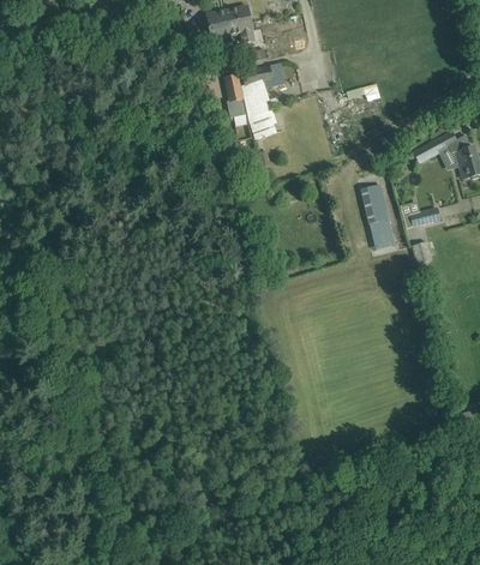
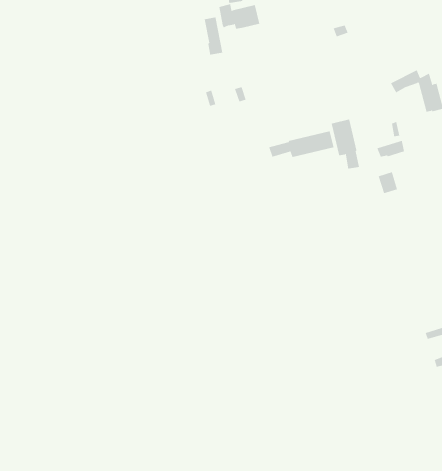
building: [240,83,275,138] -> none
building: none -> [268,131,334,158]

